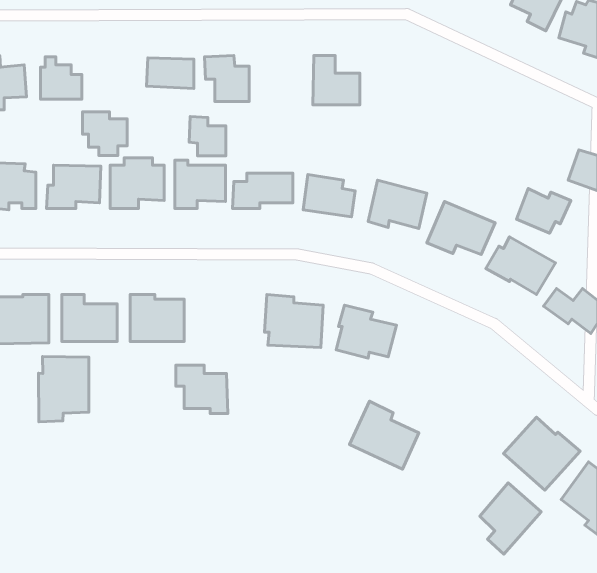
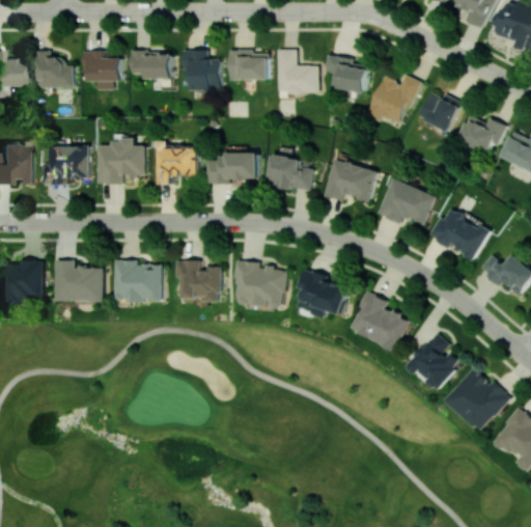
building: none -> [228,49,269,81]
building: none -> [324,55,368,93]
building: none -> [365,76,419,126]
building: none -> [417,92,462,133]
building: [82,112,127,155] -> [82,51,121,89]
building: [189,116,226,156] -> none
building: [517,189,571,233] -> [457,115,505,155]
building: [39,357,89,422] -> none
building: [176,365,228,413] -> [175,260,221,303]
building: none -> [408,334,459,392]
building: [349,401,419,469] -> [350,292,411,352]
building: [480,483,541,554] -> none

